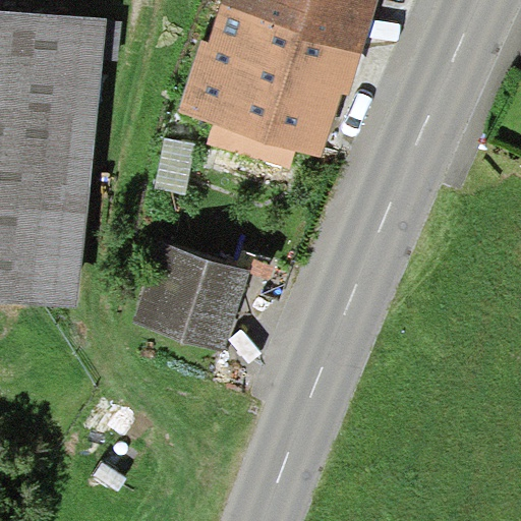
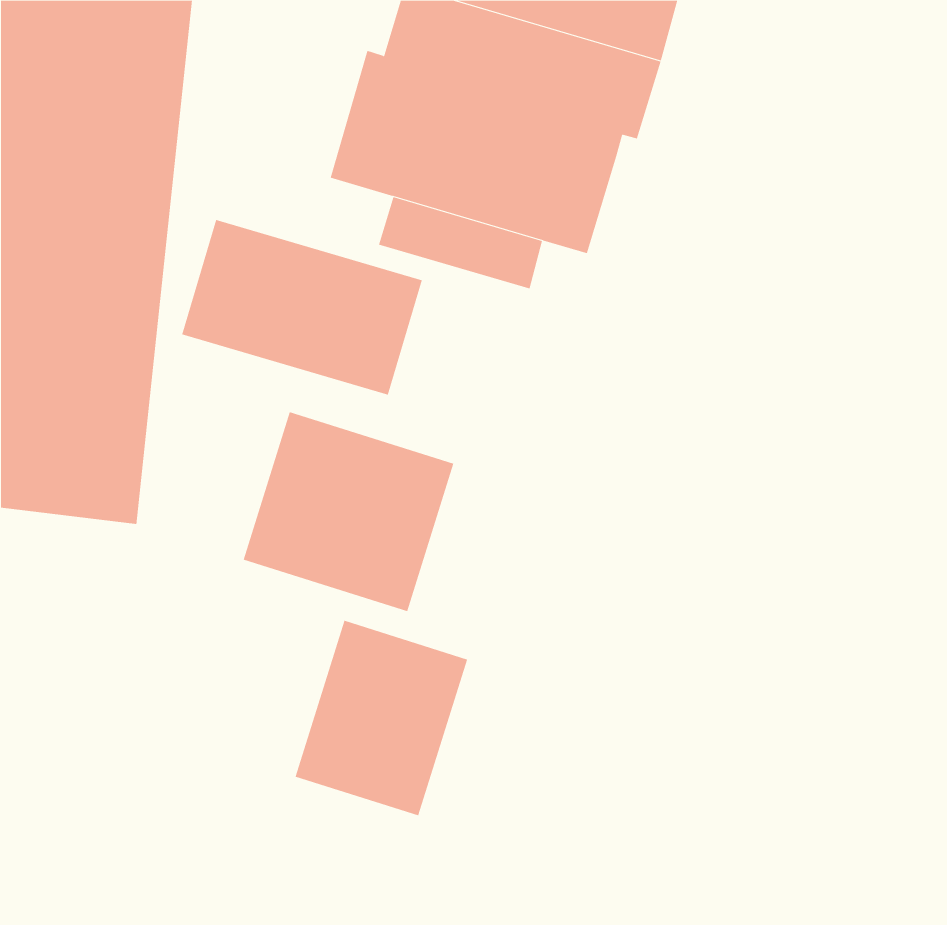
building: none -> [181,219,422,395]
building: none -> [295,620,468,816]

